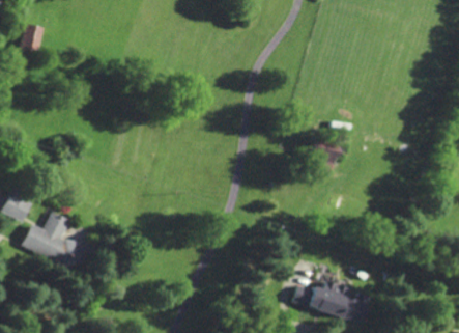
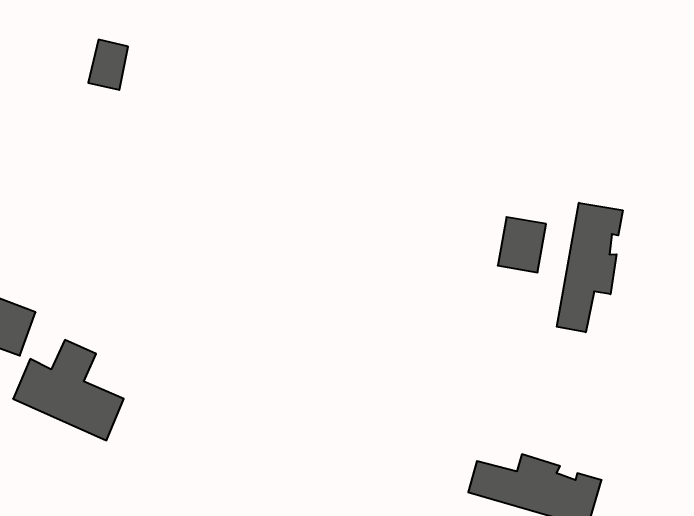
building: [20,22,44,52] -> [88,40,128,90]
building: none -> [557,203,623,332]

